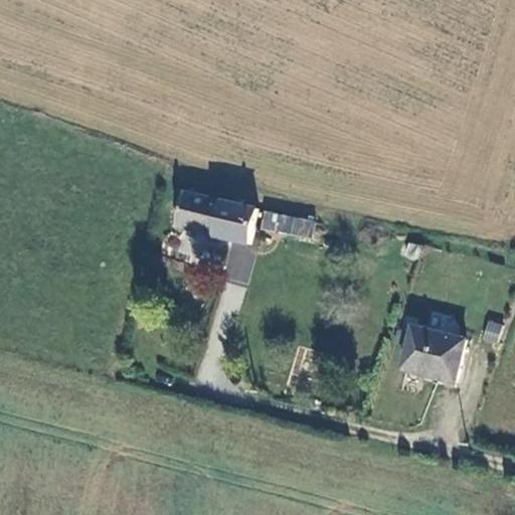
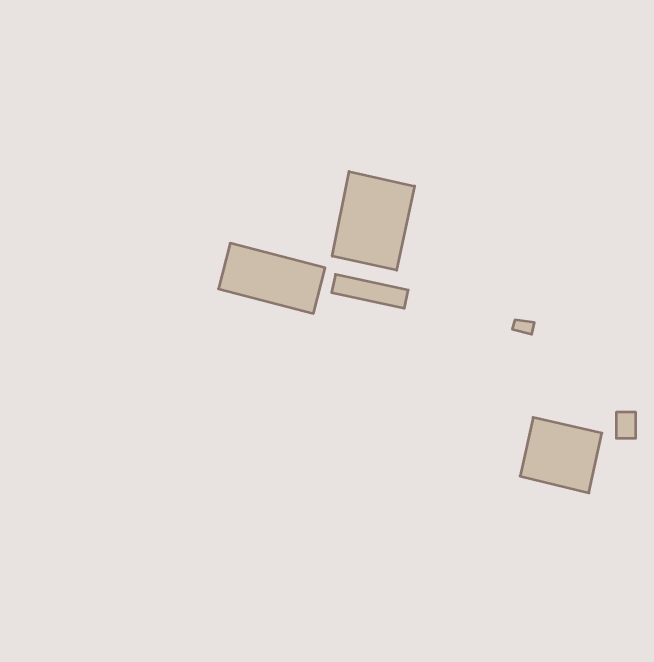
building: none -> [332,171,415,270]

